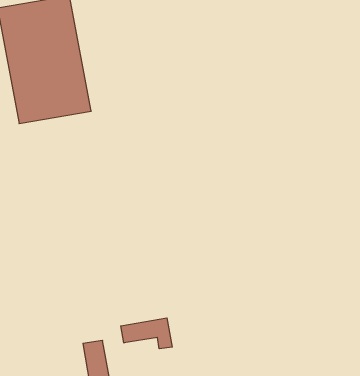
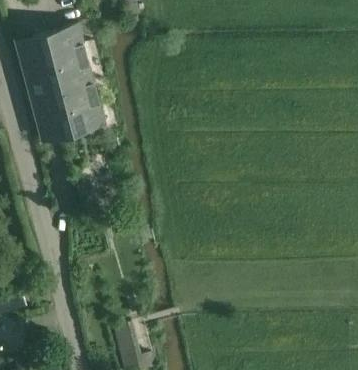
building: [121,318,172,349] -> none

